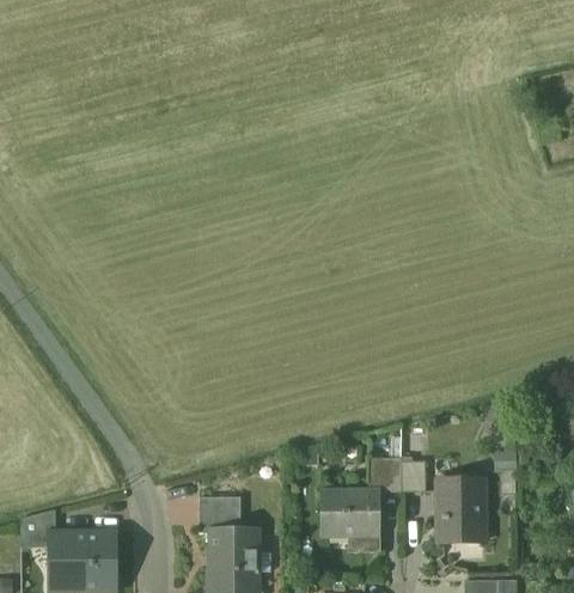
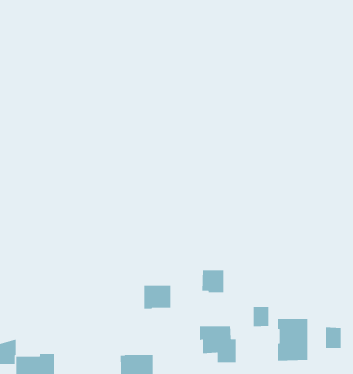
building: [370,459,403,494] -> [201,270,224,293]
building: none -> [325,326,342,349]
building: [201,499,242,534] -> [144,285,171,309]

